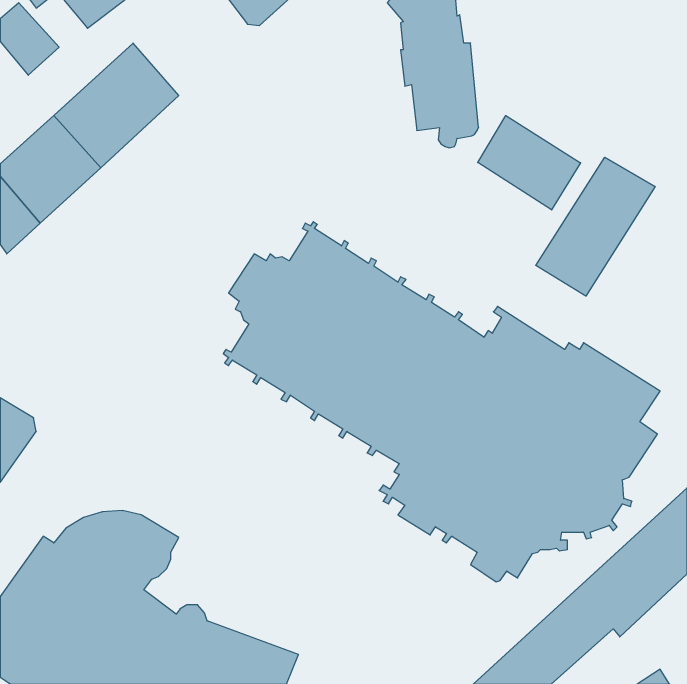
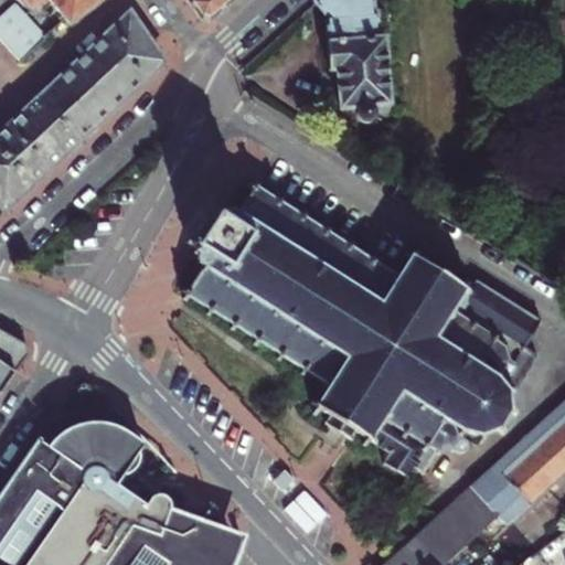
building: none -> [109,13,166,78]
building: [478,116,581,210] -> none
building: [536,157,655,296] -> none

